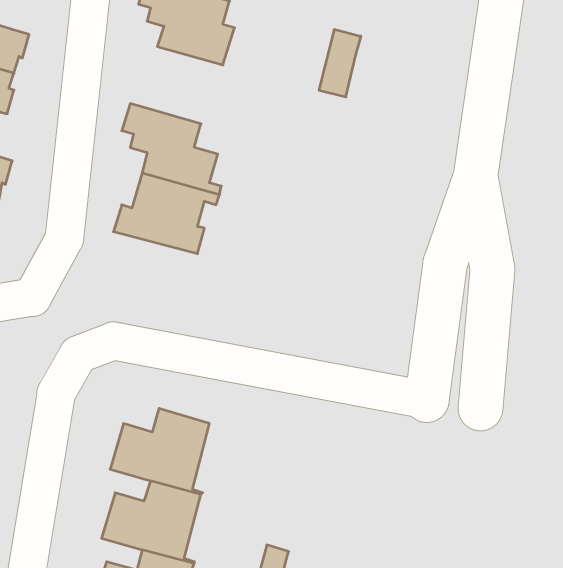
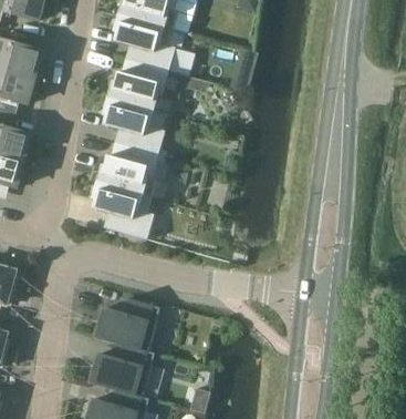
building: none -> [106,59,167,110]
building: none -> [91,181,153,238]

